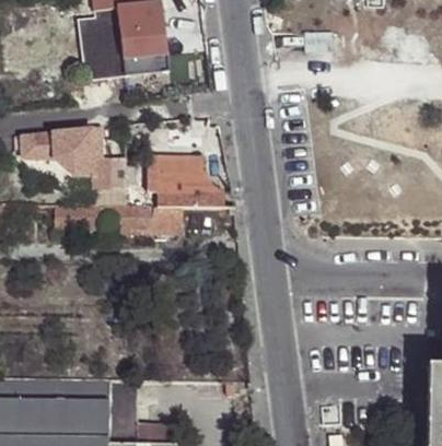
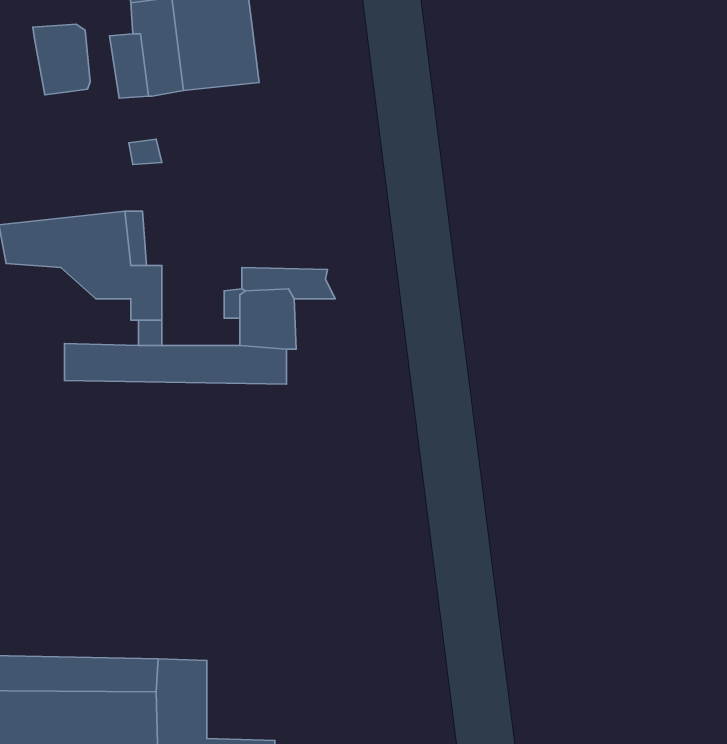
building: none -> [33,24,90,95]
building: [185,178,234,208] -> none

